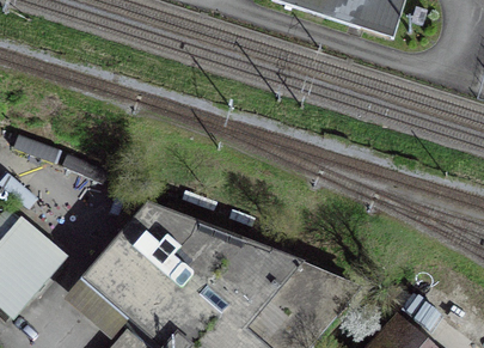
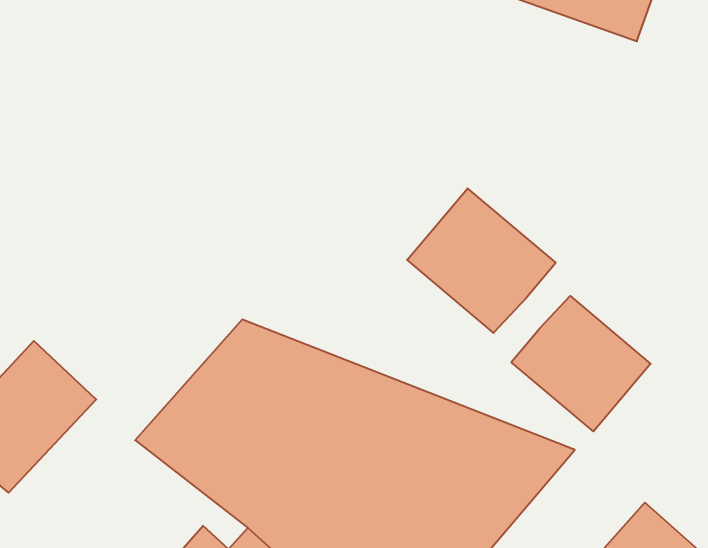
building: none -> [407,188,556,333]
building: none -> [511,296,651,431]

